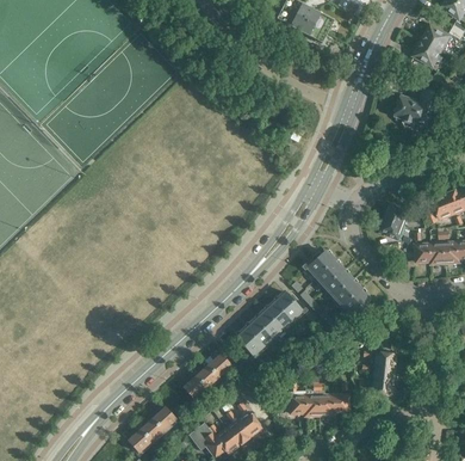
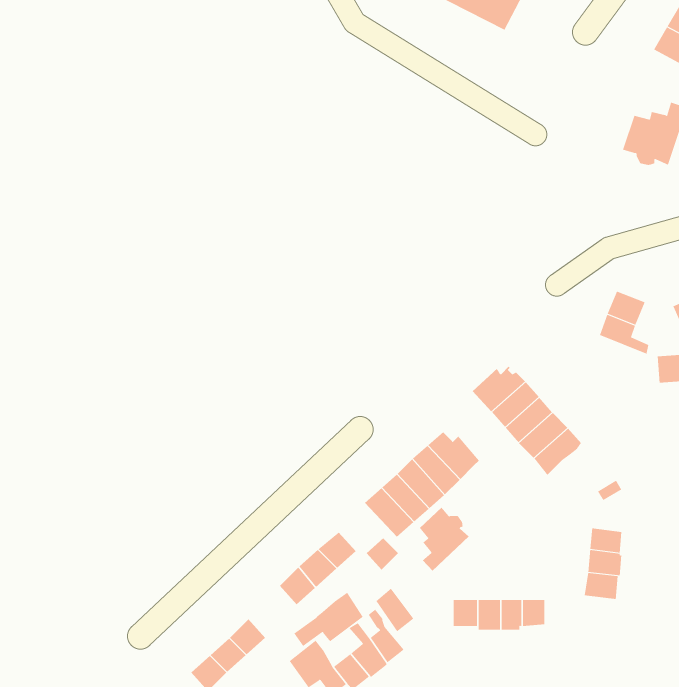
building: none -> [419,507,469,571]
building: none -> [293,592,363,647]

